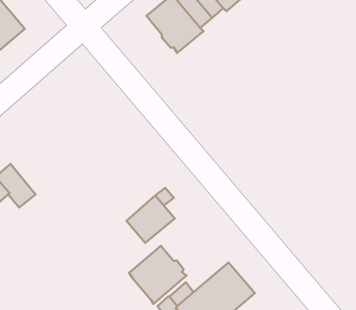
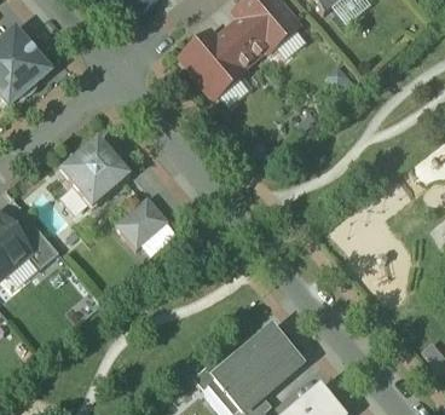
building: none -> [59,136,131,207]
building: [127,196,175,243] -> [116,195,169,247]
building: [129,246,186,304] -> none

